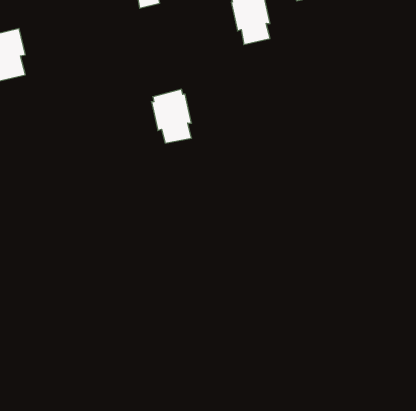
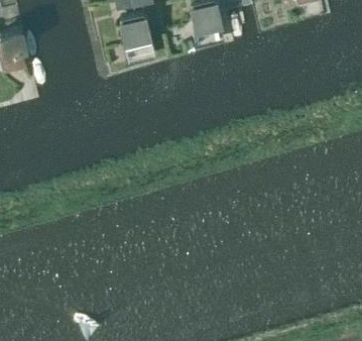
building: [151,89,192,143] -> [120,15,152,59]

